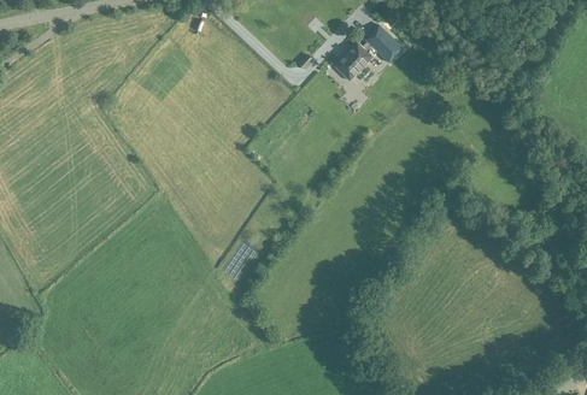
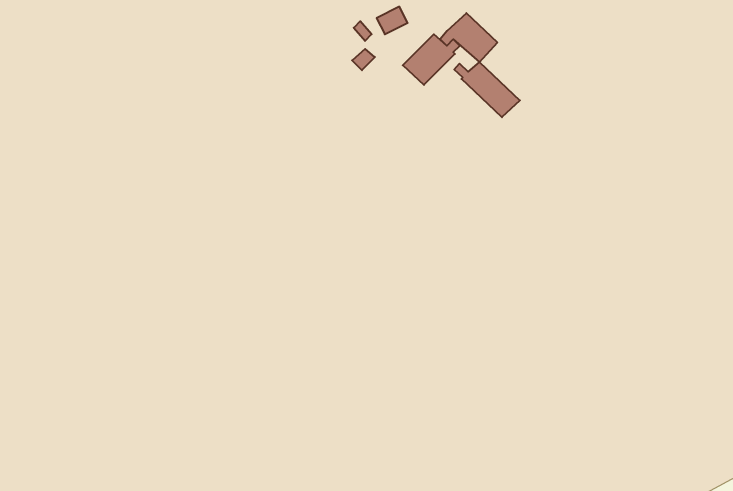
building: none -> [454,62,520,117]

